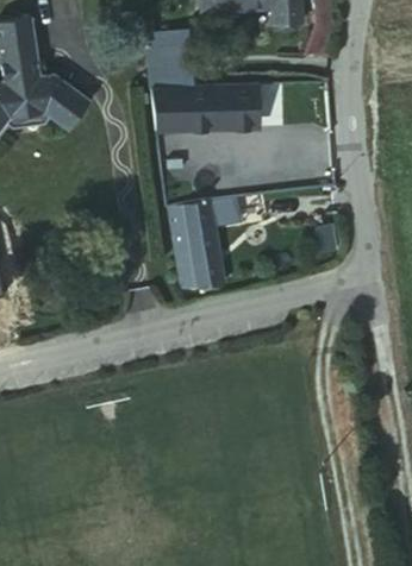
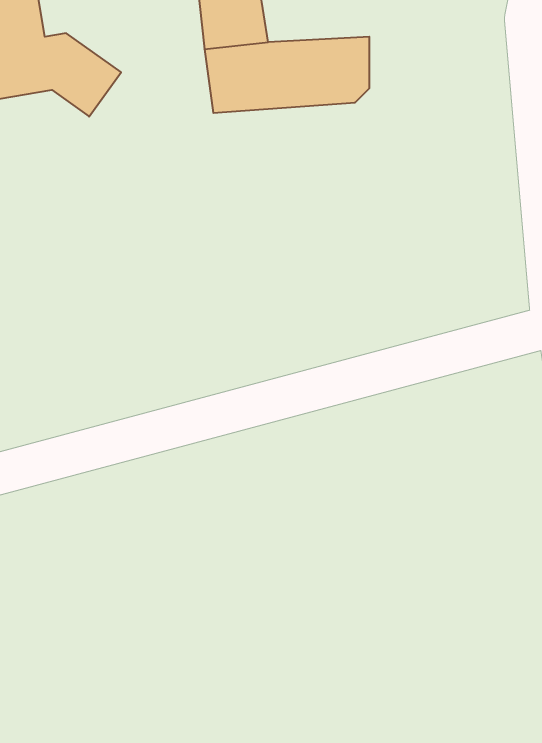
building: [170,202,221,284] -> none

